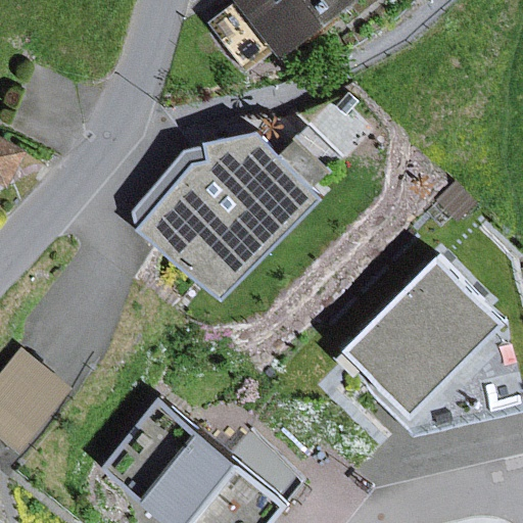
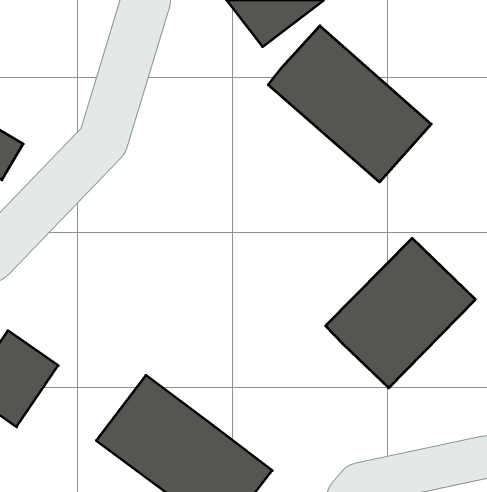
building: none -> [268,26,431,182]
building: [125,131,328,315] -> none

